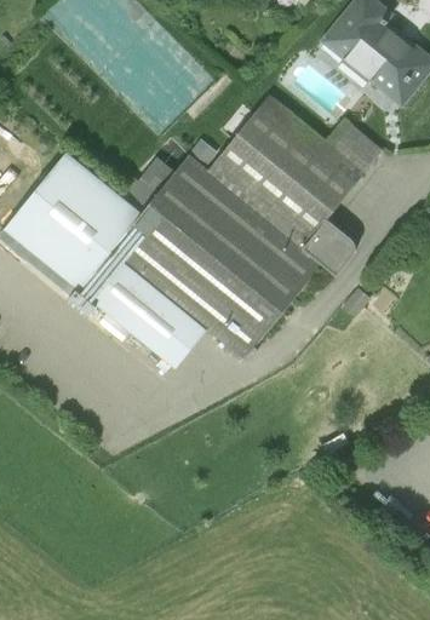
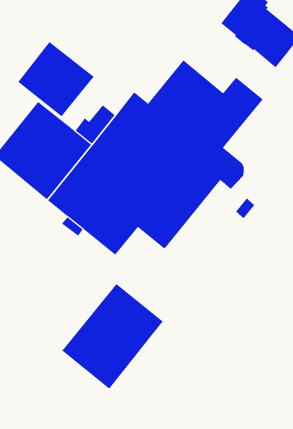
building: none -> [17,41,94,117]
building: none -> [62,283,163,389]

